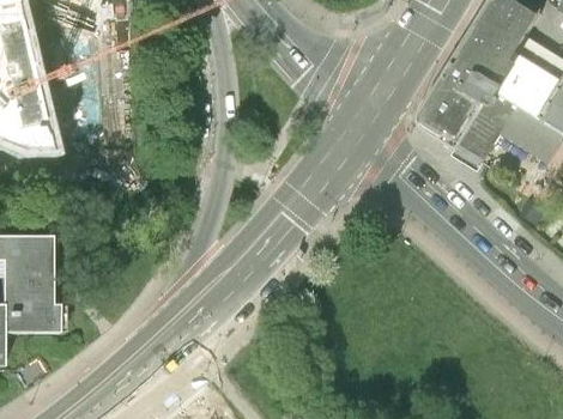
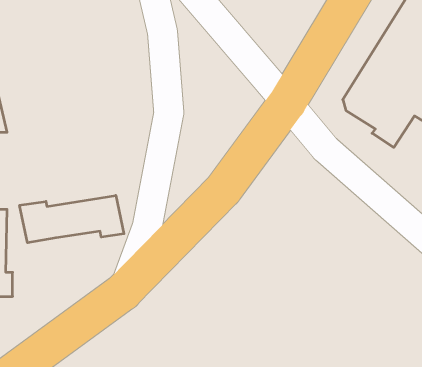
building: none -> [20,195,124,243]

